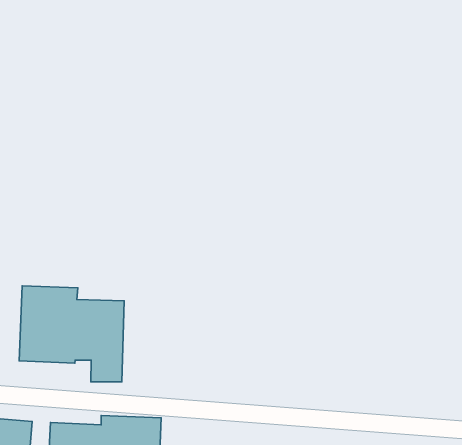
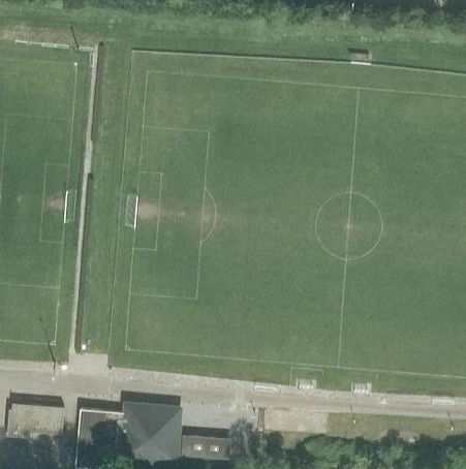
building: [19,286,124,382] -> none

